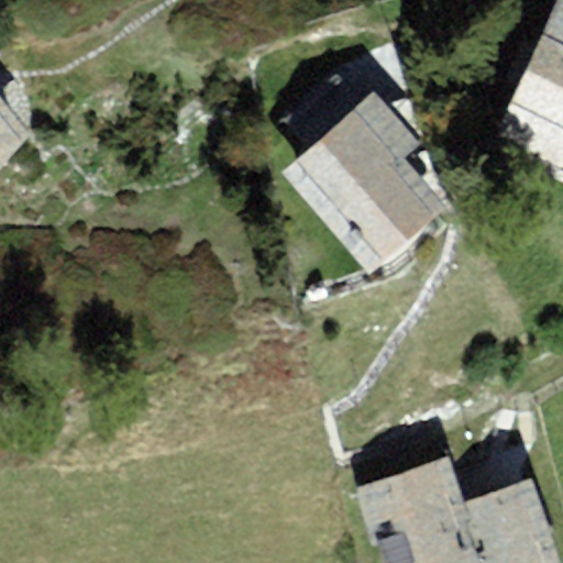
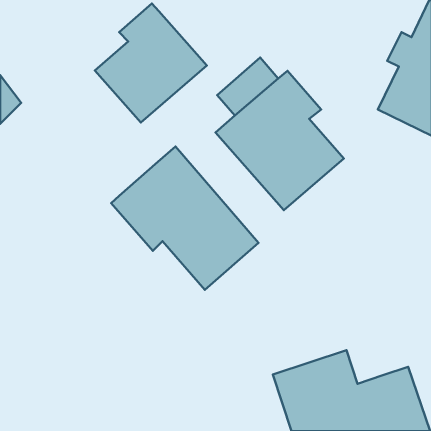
building: none -> [95,4,207,122]
building: none -> [111,147,258,290]

